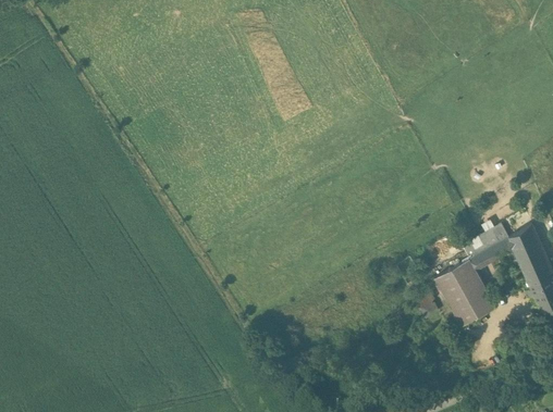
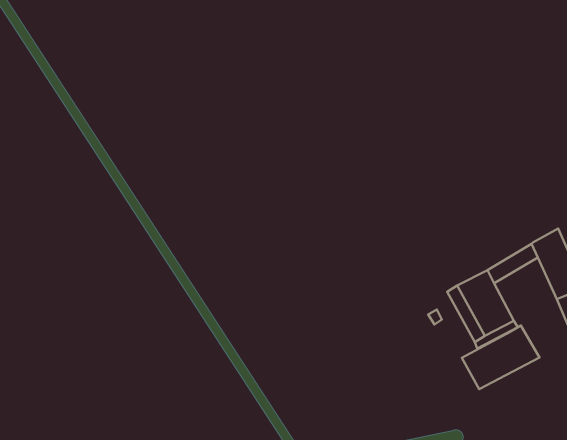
building: [463,224,509,260] -> none
building: none -> [462,325,539,389]

